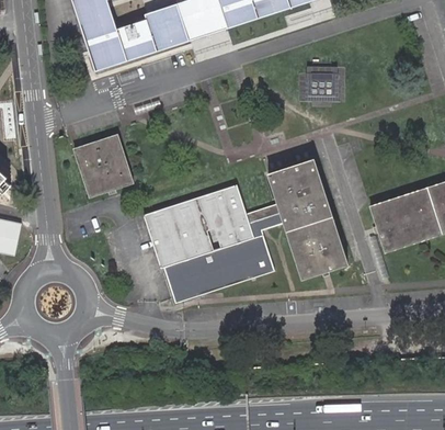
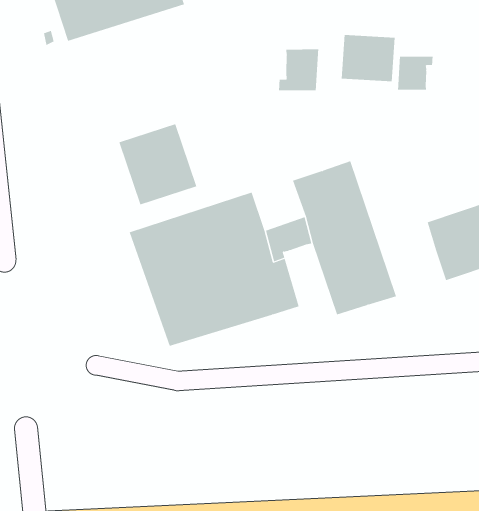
building: none -> [278,49,319,91]
building: none -> [398,56,433,91]
building: [72,135,133,197] -> [118,123,197,205]

